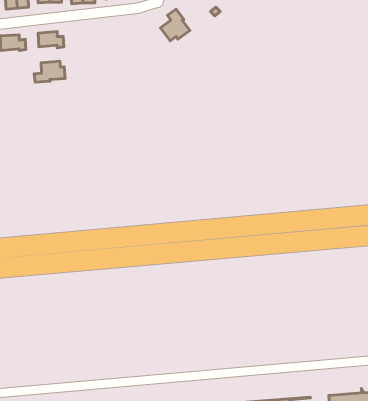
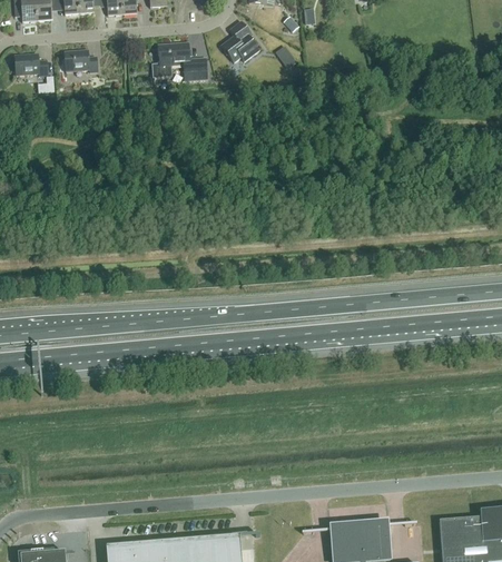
building: none -> [154,42,208,80]
building: [34,61,65,82] -> none

